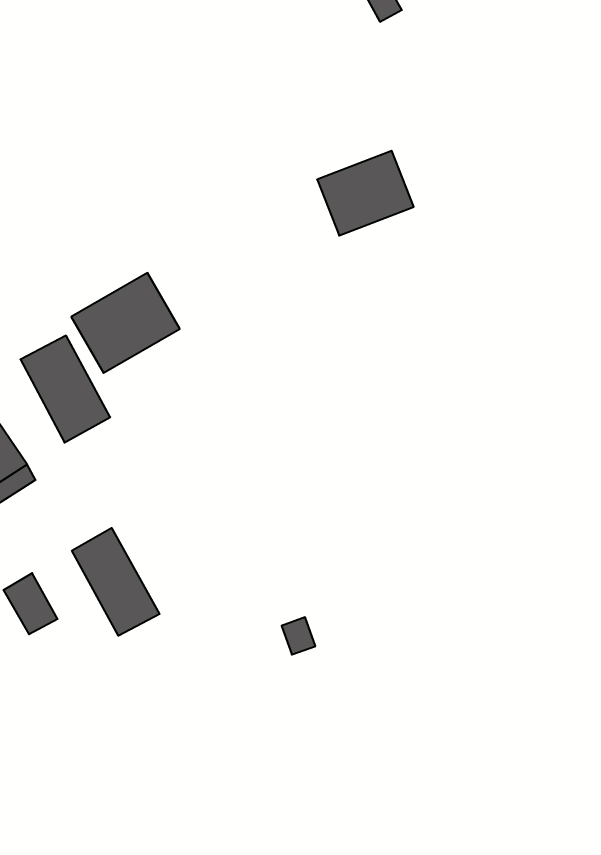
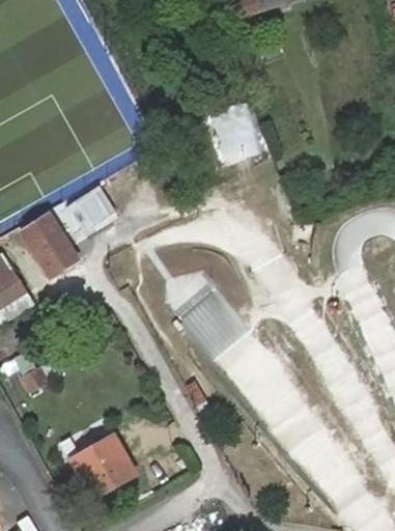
building: [72,528,160,636] -> none
building: none -> [70,435,135,496]

